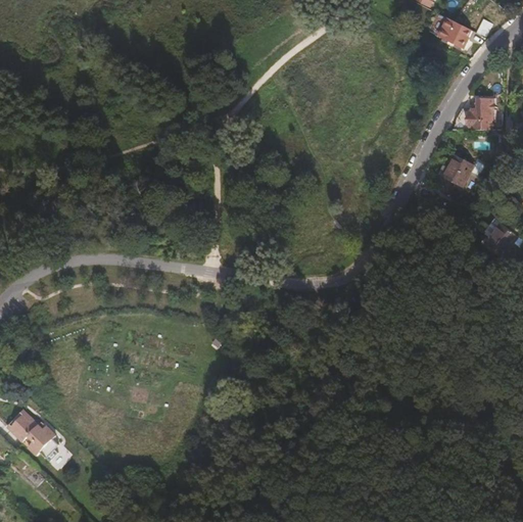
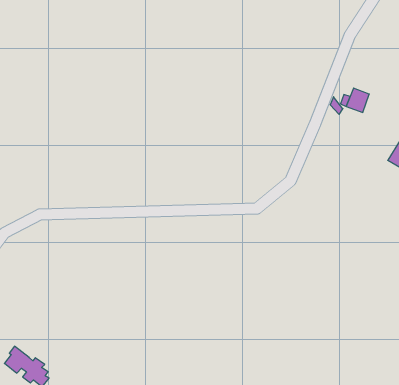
building: [451,97,492,130] -> none

